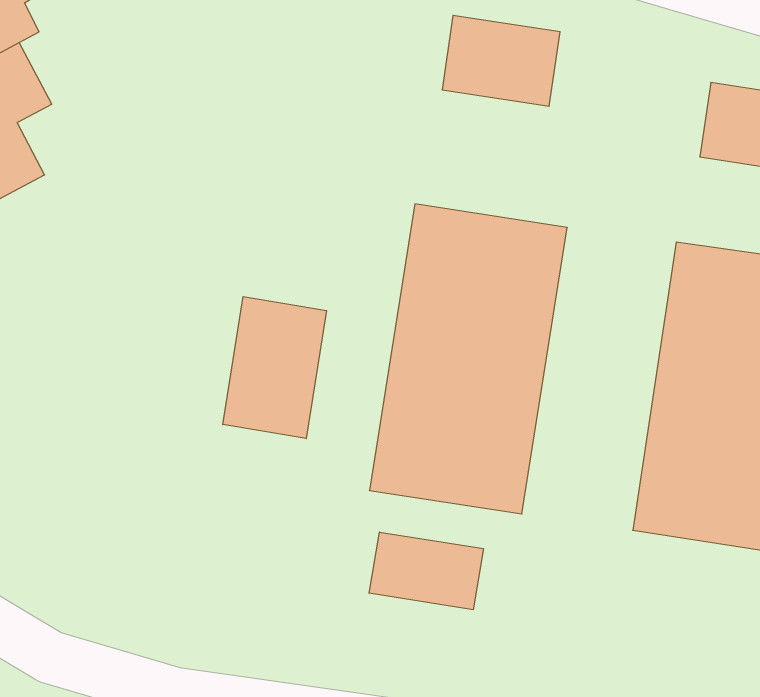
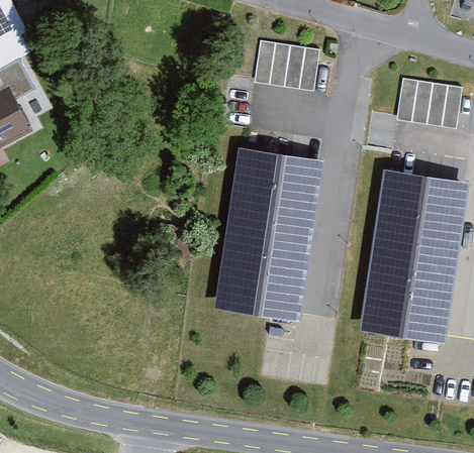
building: [223,297,327,439] -> none
building: [369,532,483,610] -> none

